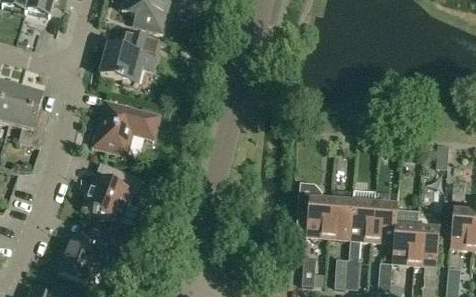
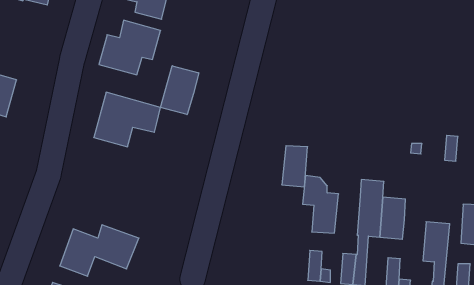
building: none -> [161,66,199,115]
building: [8,87,46,146] -> none
building: [83,163,141,218] -> none
building: [327,198,352,238] -> [282,146,308,187]
building: [391,223,416,263] -> none

